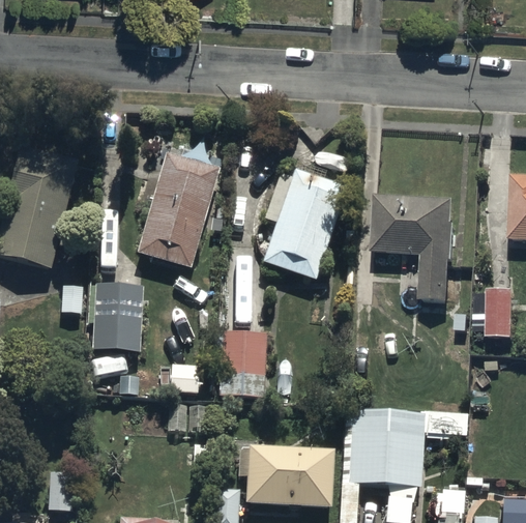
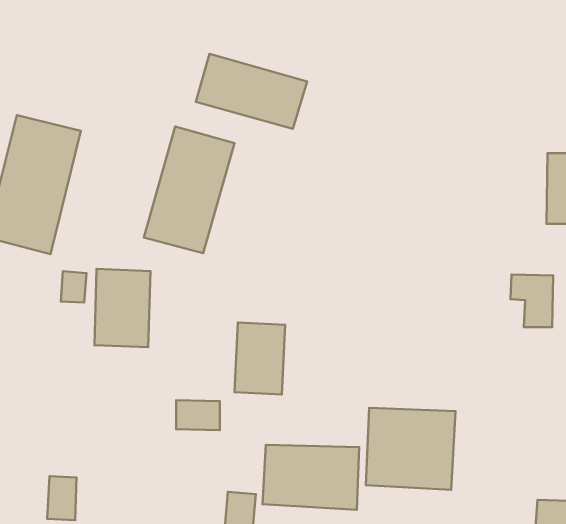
building: none -> [196,54,307,129]
building: [264,167,351,275] -> none
building: [369,191,454,299] -> none

